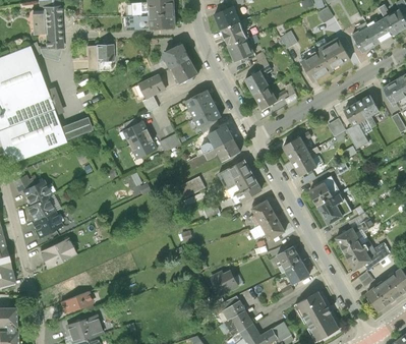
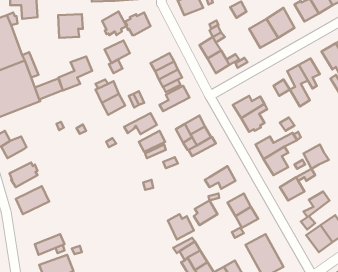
building: [227,37,254,61] -> none
building: [171,57,198,83] -> [102,12,126,35]
building: none -> [58,56,92,91]
building: [204,137,240,161] -> [124,113,157,134]
building: [24,195,55,222] -> none
building: [249,199,276,227] -> [194,201,217,225]
building: [344,243,372,271] -> [303,145,329,169]

